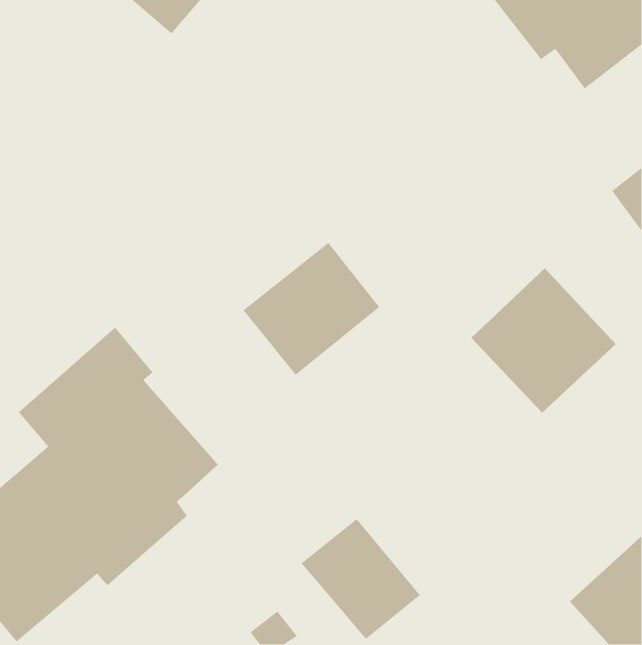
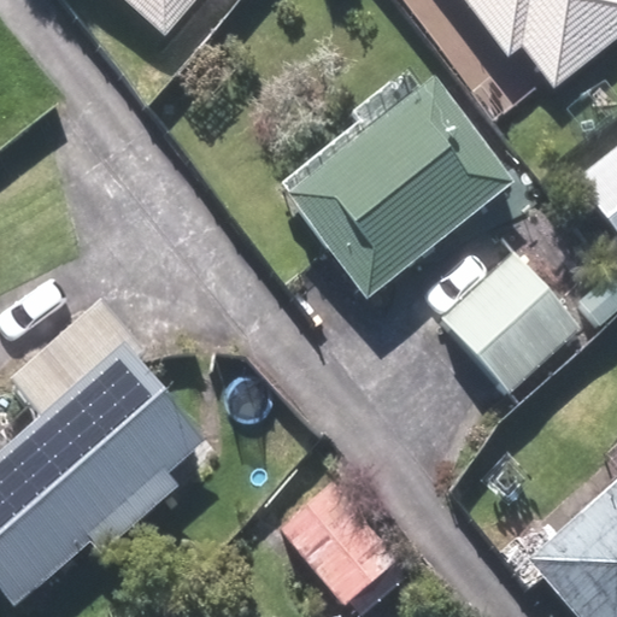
building: none -> [280,72,515,299]
building: [242,242,380,376] -> none

